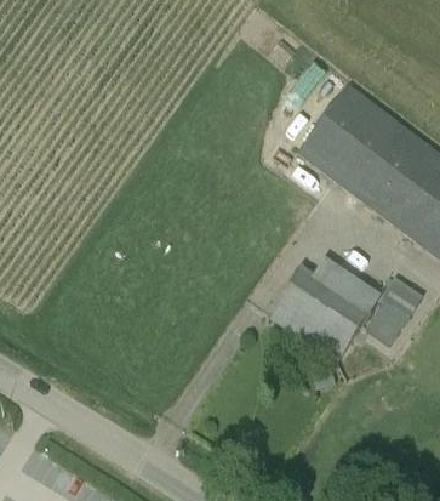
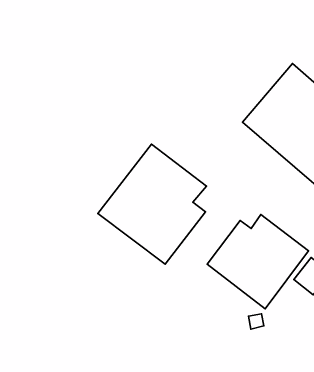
building: none -> [98,144,207,264]

